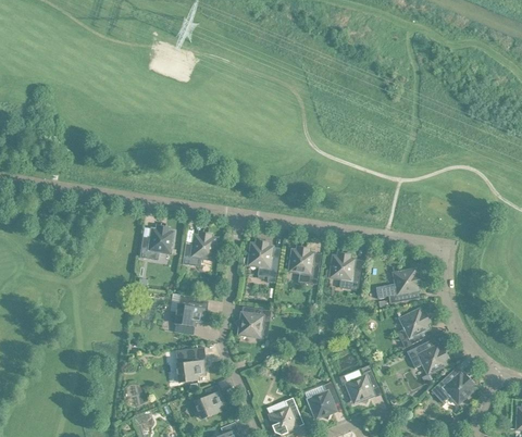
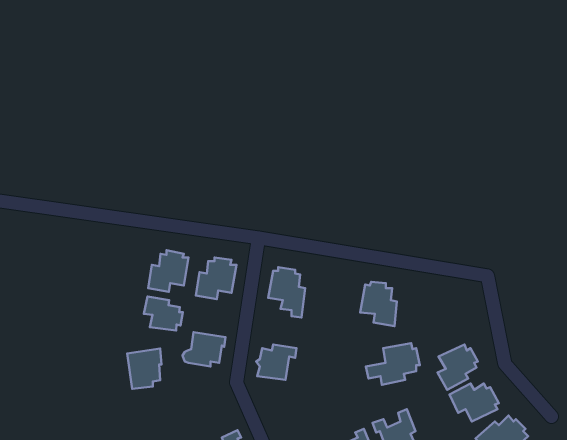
building: [287,245,320,284] -> none
building: none -> [144,297,183,330]
building: [375,266,423,303] -> [366,343,420,385]
building: [175,346,206,382] -> [127,348,162,389]

